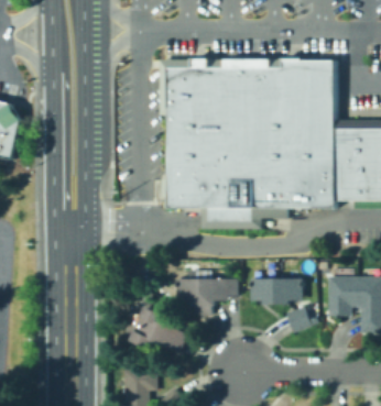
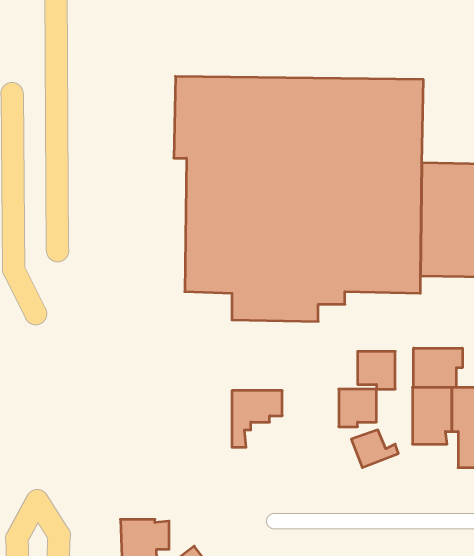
building: none -> [414,348,462,387]
building: [250,277,276,304] -> [358,351,395,389]
building: [174,278,202,318] -> none
building: [130,306,188,353] -> none

